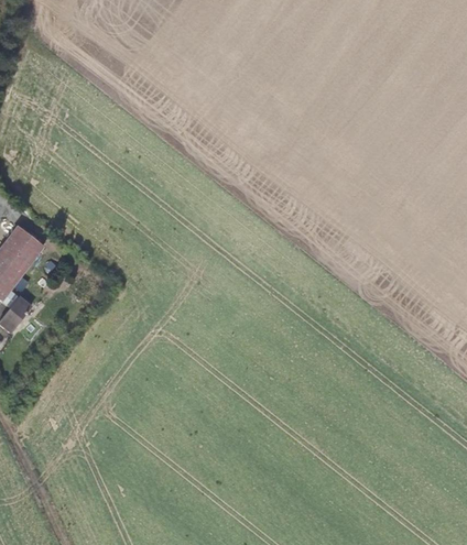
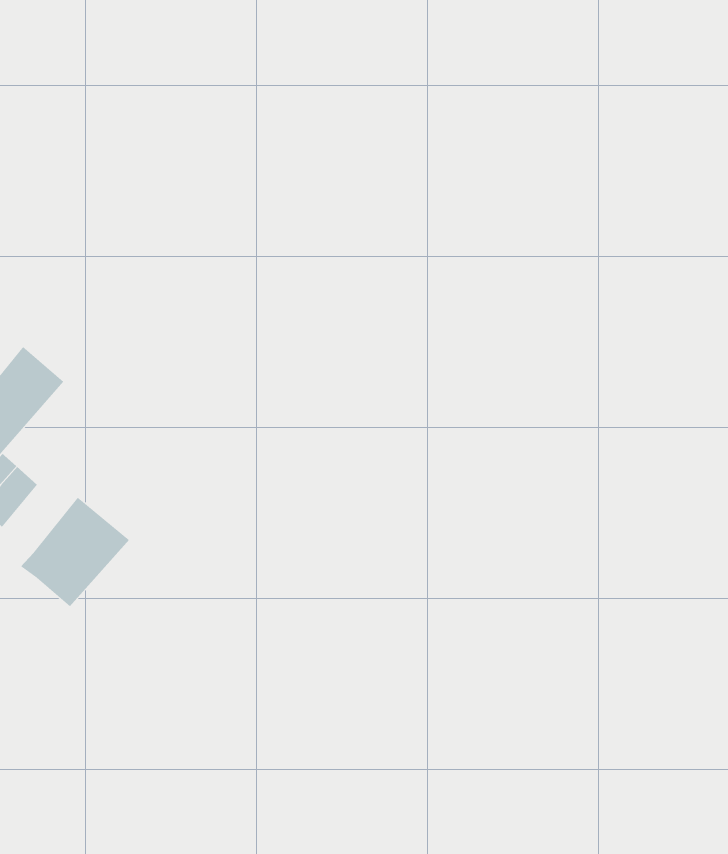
building: none -> [20,497,130,607]

